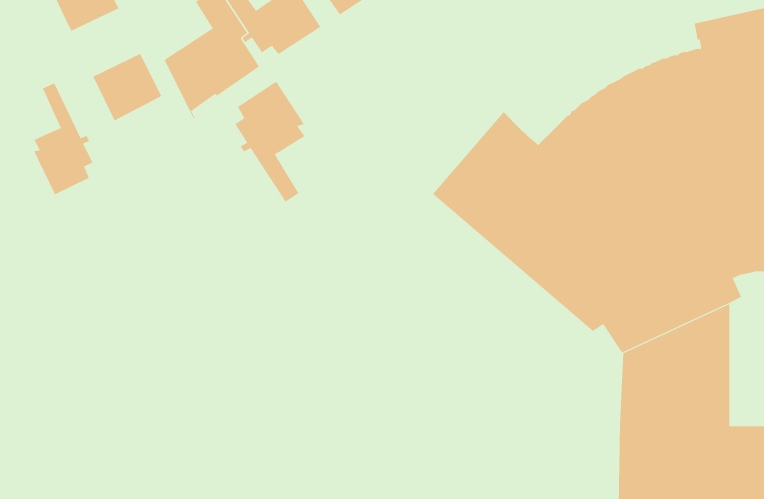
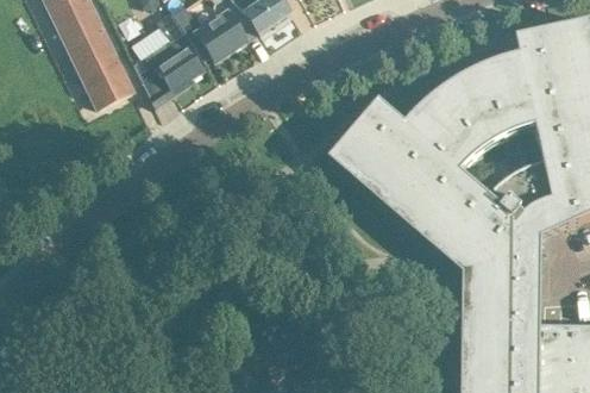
building: none -> [67,26,117,75]
building: [234,81,305,202] -> none
building: [34,83,93,195] -> none

